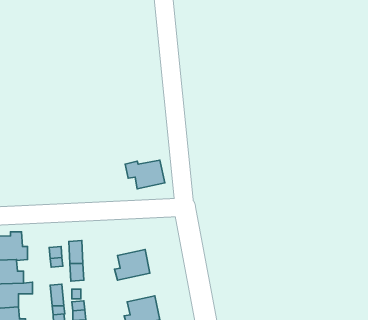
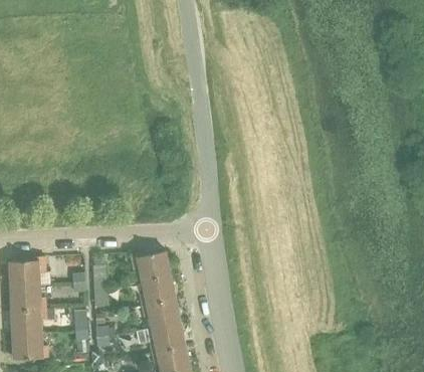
building: [125,160,165,189] -> [130,251,170,281]
building: none -> [142,299,180,328]

